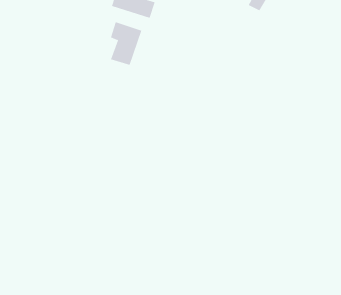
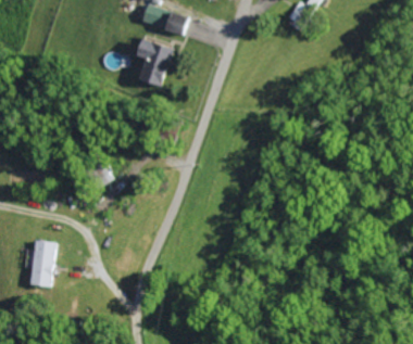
building: none -> [29,240,54,286]

